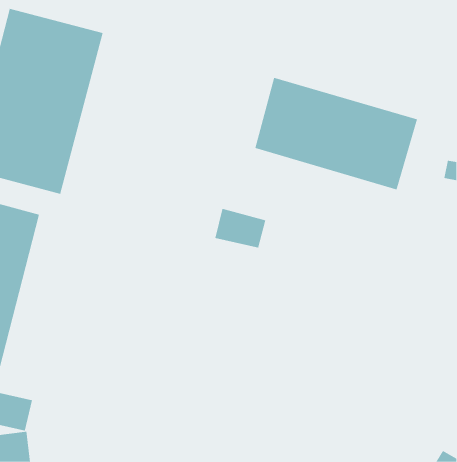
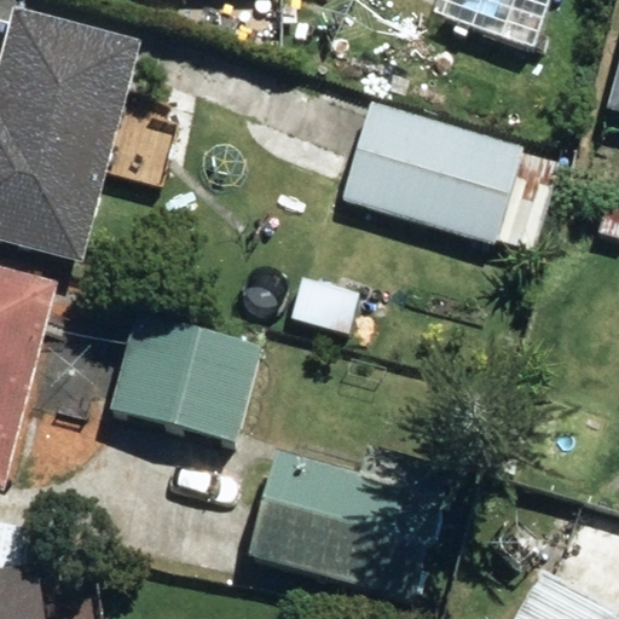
building: none -> [110,317,259,439]
building: none -> [249,446,450,601]

